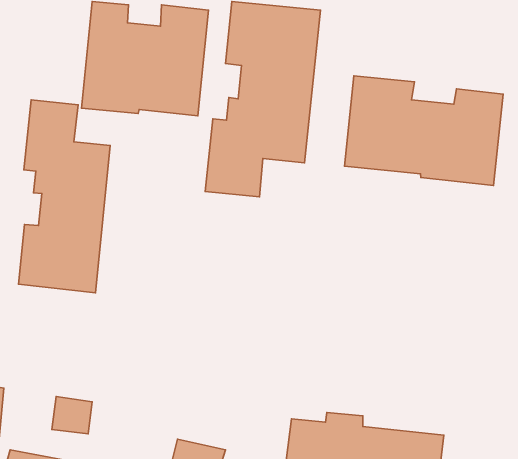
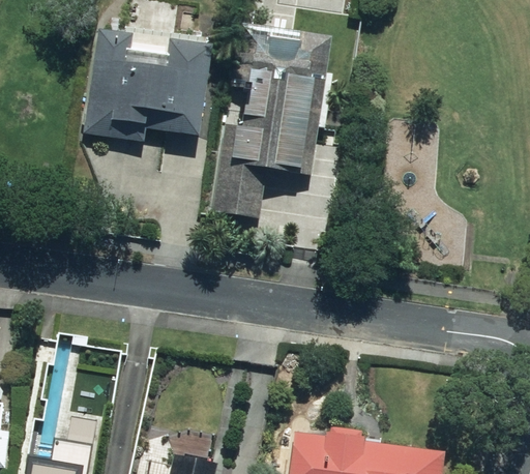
building: [345,76,503,185] -> none
building: [19,100,110,293] -> none

